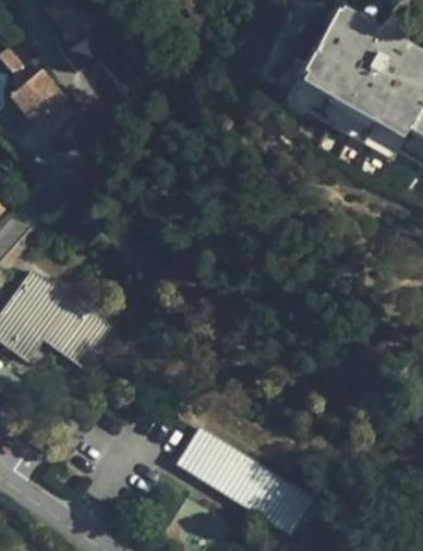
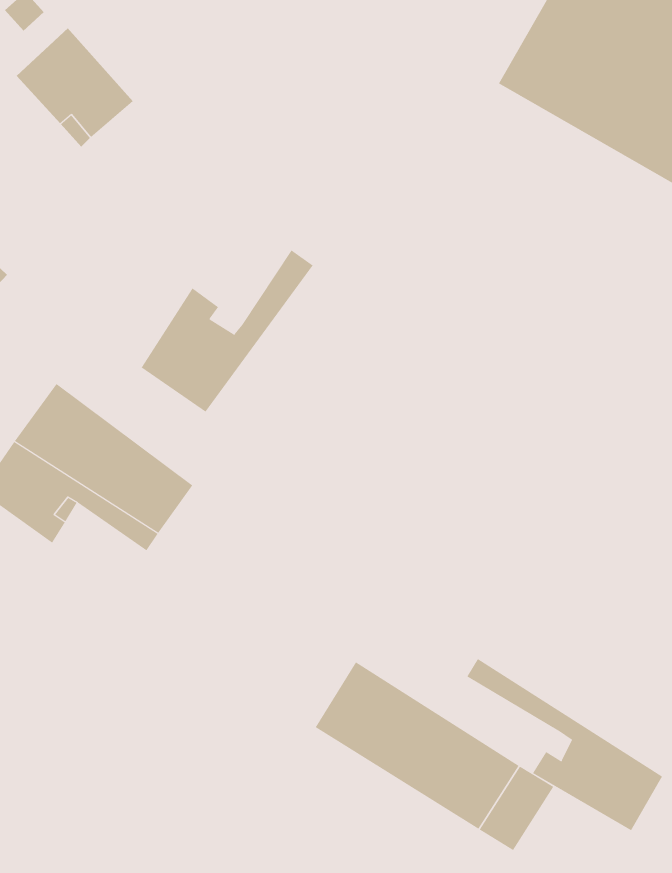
building: none -> [141,249,313,413]
building: none -> [467,658,663,831]

